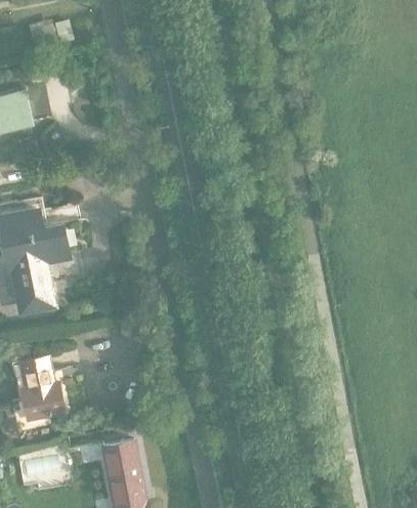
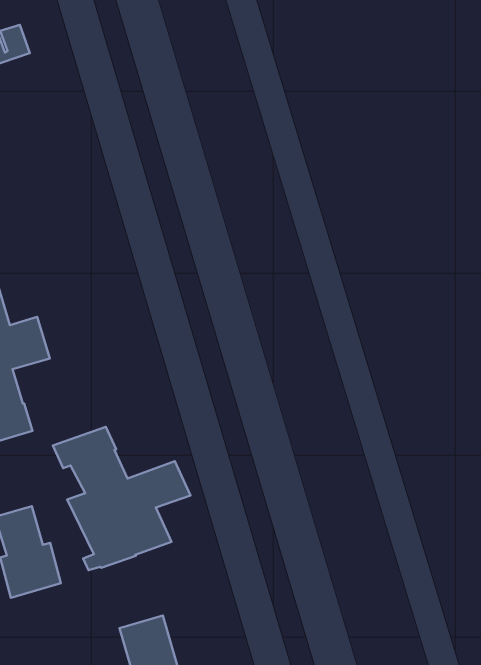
building: none -> [53,427,191,570]

